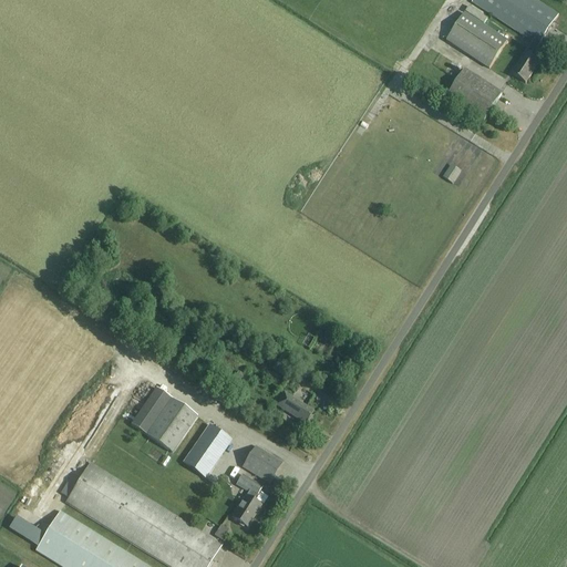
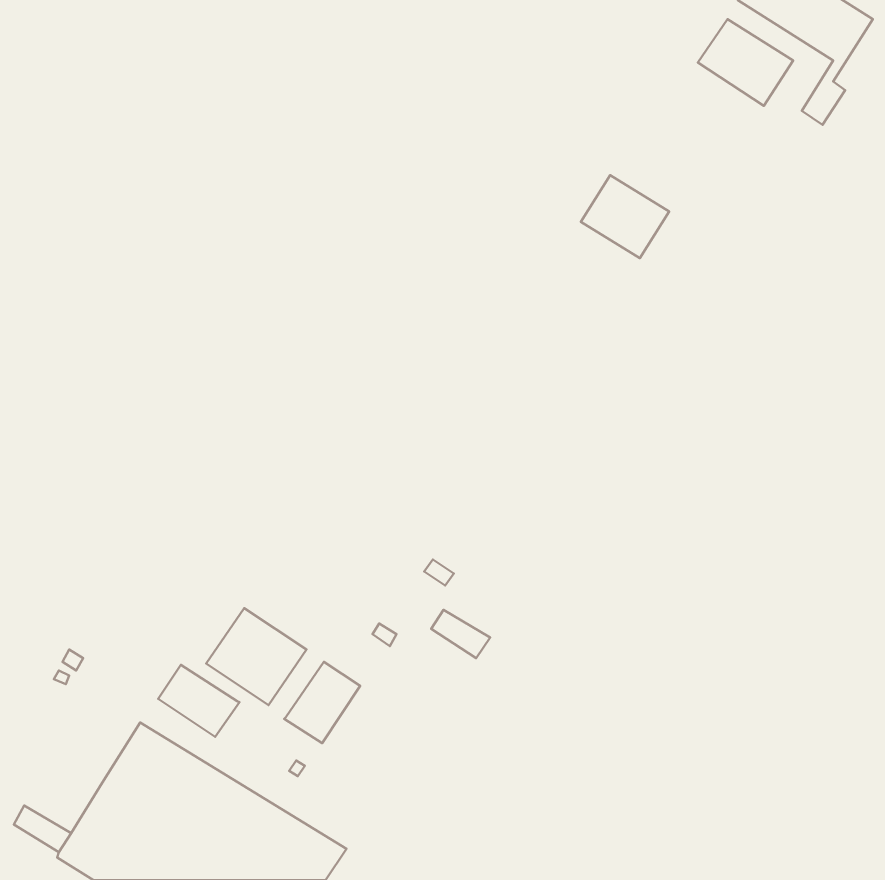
building: [445,68,502,121] -> [581,175,669,258]
building: none -> [158,665,239,737]
building: [241,444,282,482] -> none
building: [233,472,262,525] -> none

